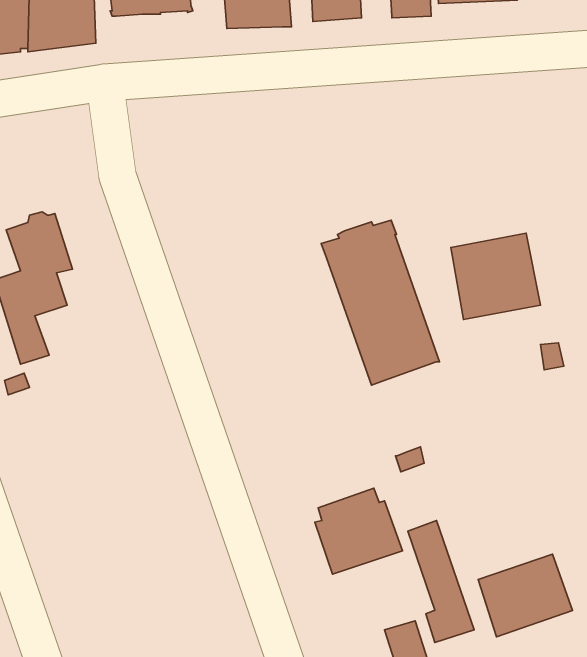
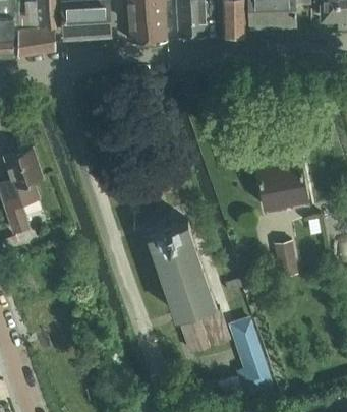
building: [321,220,440,385] -> [148,223,215,316]
building: none -> [274,242,296,278]
building: [478,554,573,637] -> none

